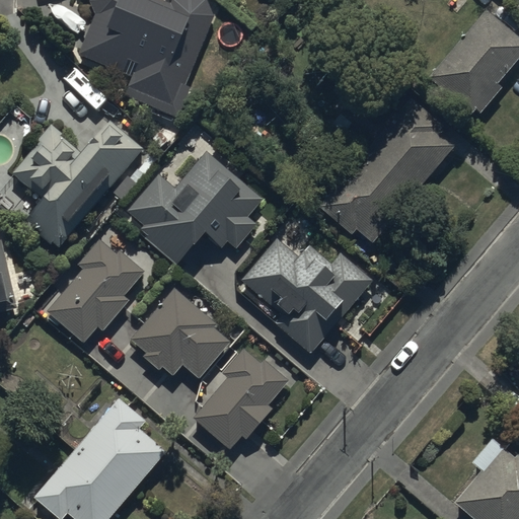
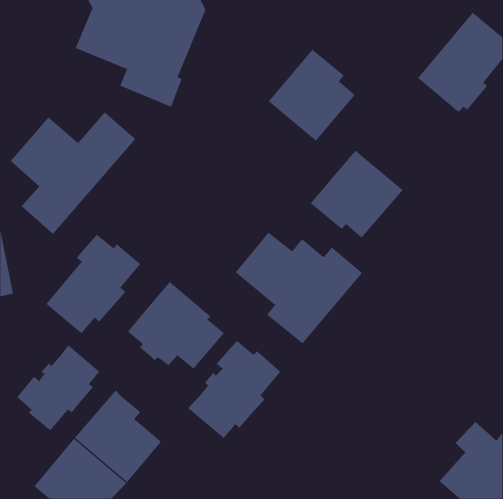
building: [365,100,455,196] -> [268,49,355,142]
building: [127,151,263,264] -> none
building: none -> [17,344,100,431]

